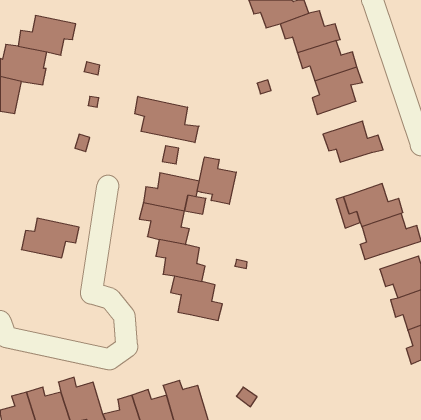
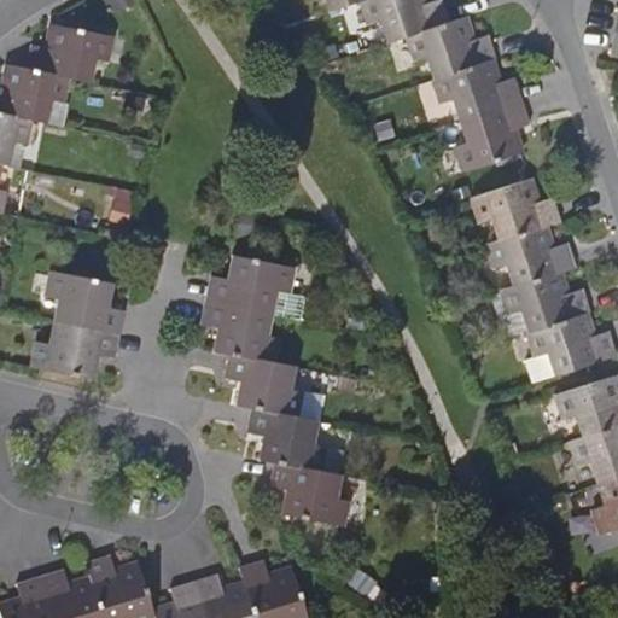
building: [135,96,199,143] -> none
building: none -> [488,225,576,286]
building: [197,157,236,204] -> none
building: none -> [47,273,119,334]
building: none -> [274,462,349,525]

